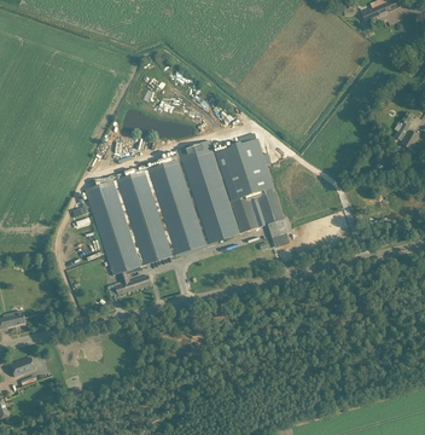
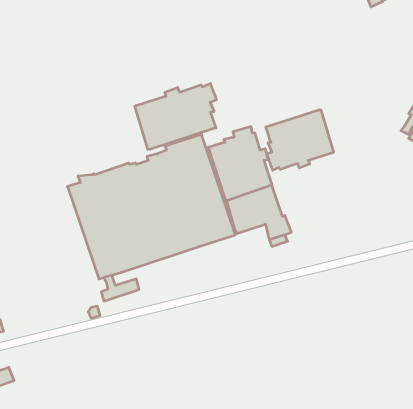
building: none -> [135,83,216,149]
building: none -> [266,110,334,170]

